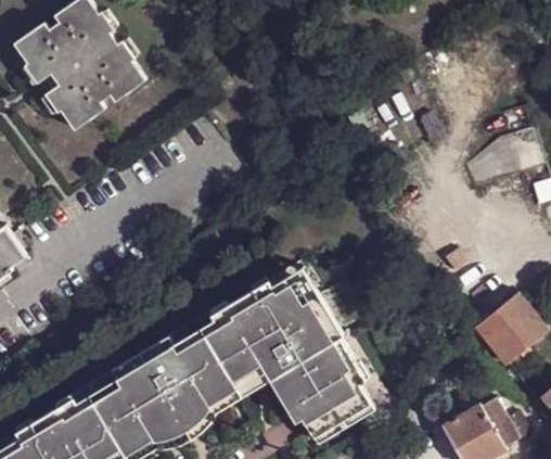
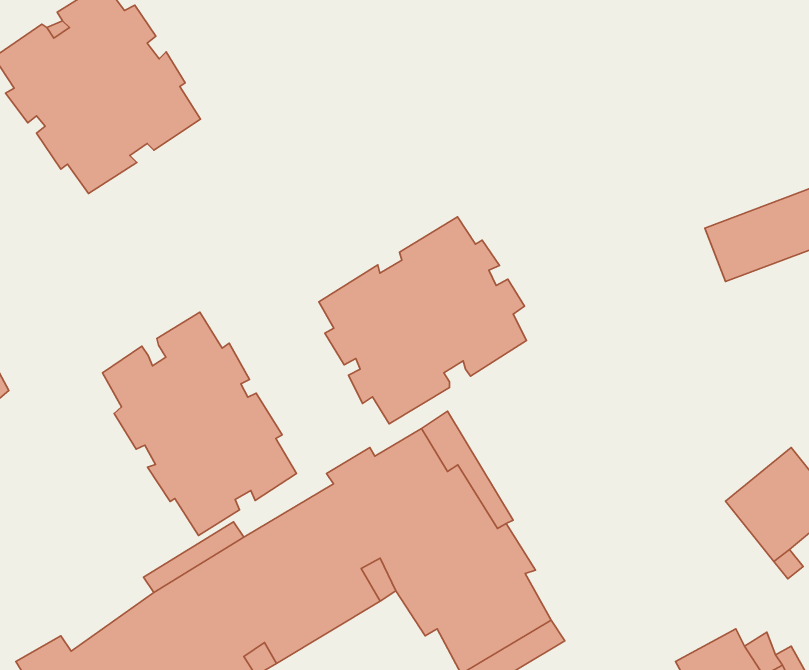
building: none -> [319,217,527,424]
building: none -> [102,312,296,535]

